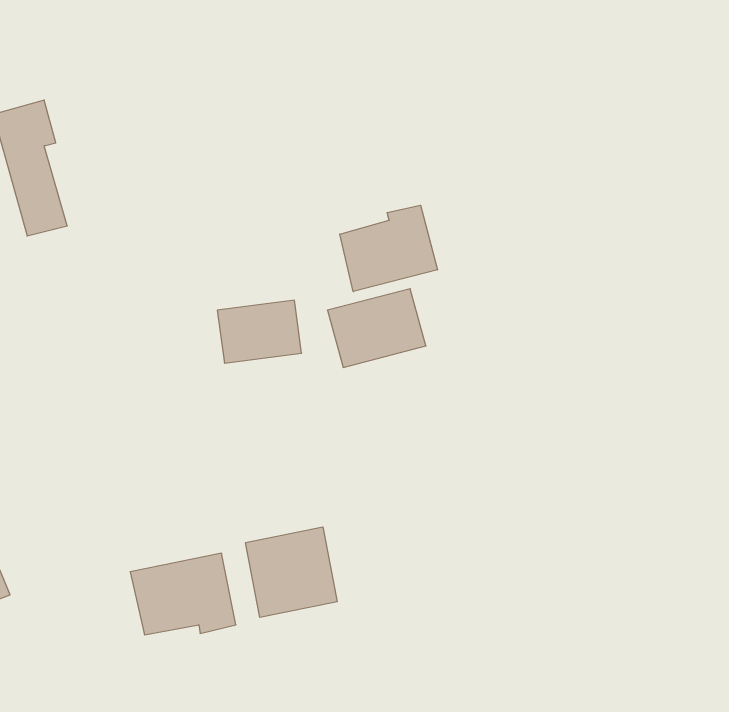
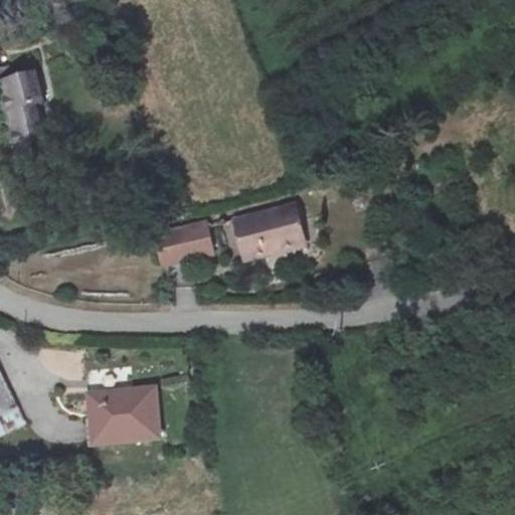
building: [340,205,437,292] -> none
building: [246,527,337,617] -> none

